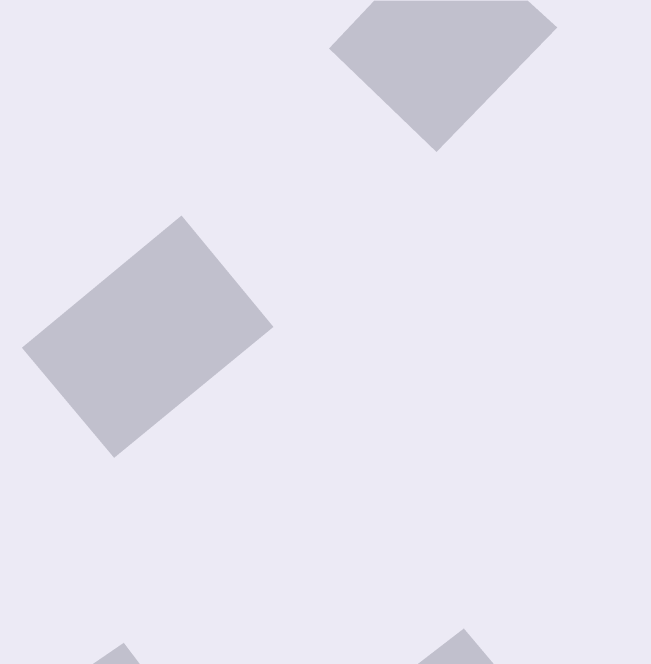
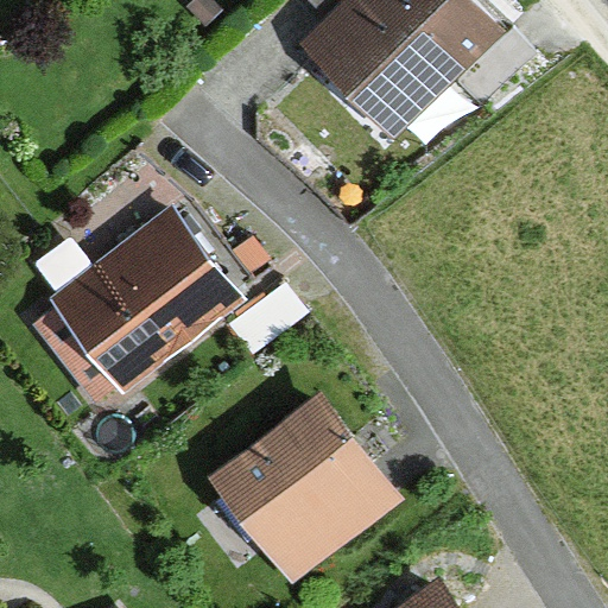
building: none -> [200,380,407,589]

